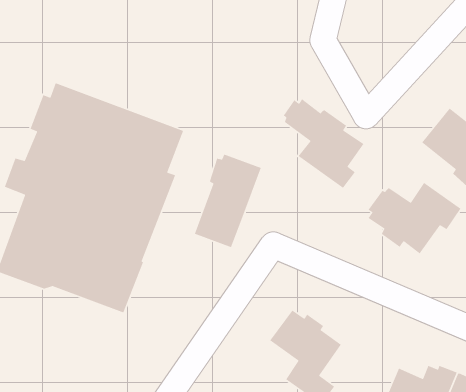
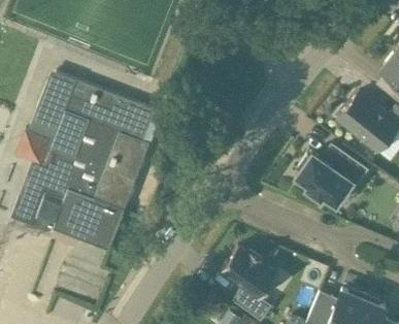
building: [283,98,364,189] -> none
building: [194,153,262,248] -> none

